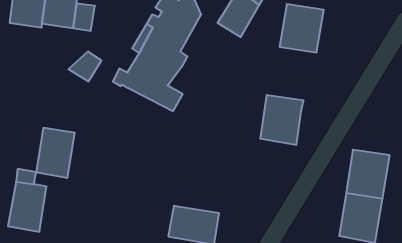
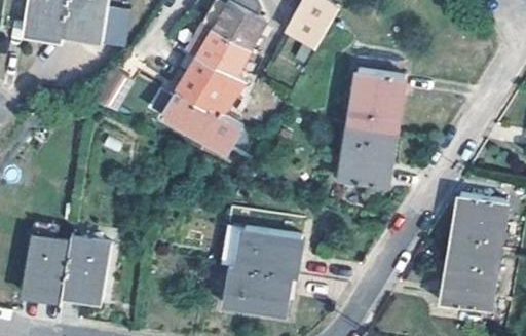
building: [279,4,324,52] -> [348,71,405,133]
building: [36,128,75,178] -> [60,237,109,301]
building: none -> [236,227,299,277]

